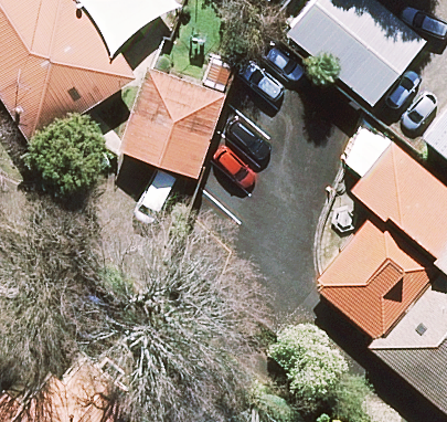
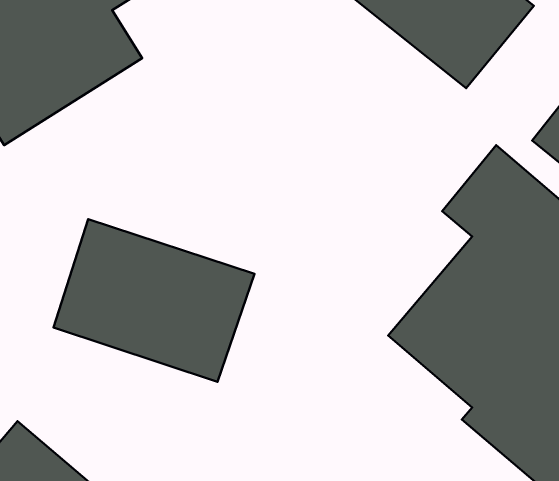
building: [119,70,223,176] -> none
building: none -> [54,219,255,382]

